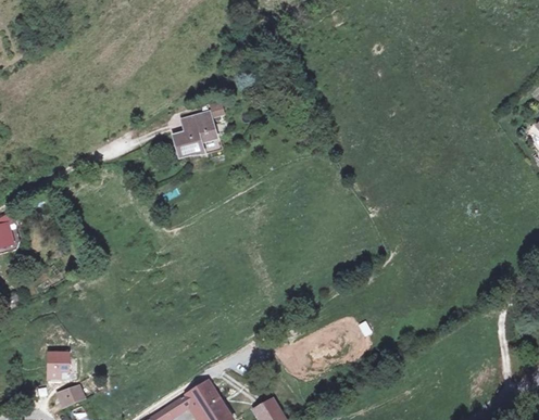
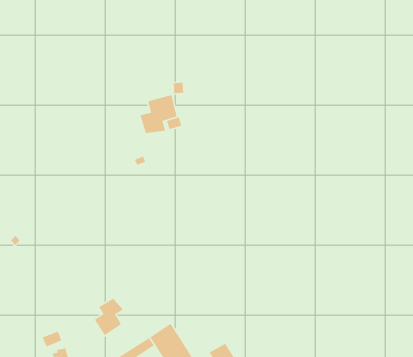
building: none -> [94,298,124,336]
building: [49,351,70,377] -> none

